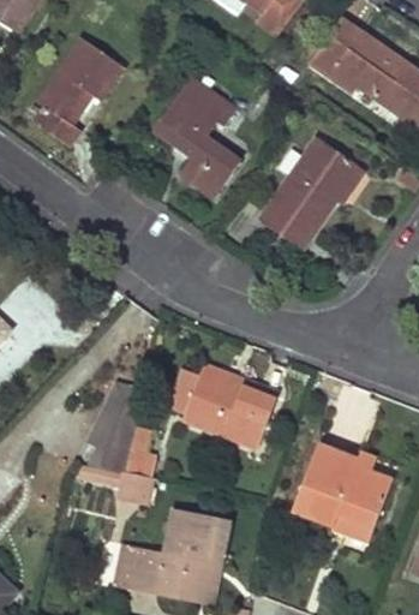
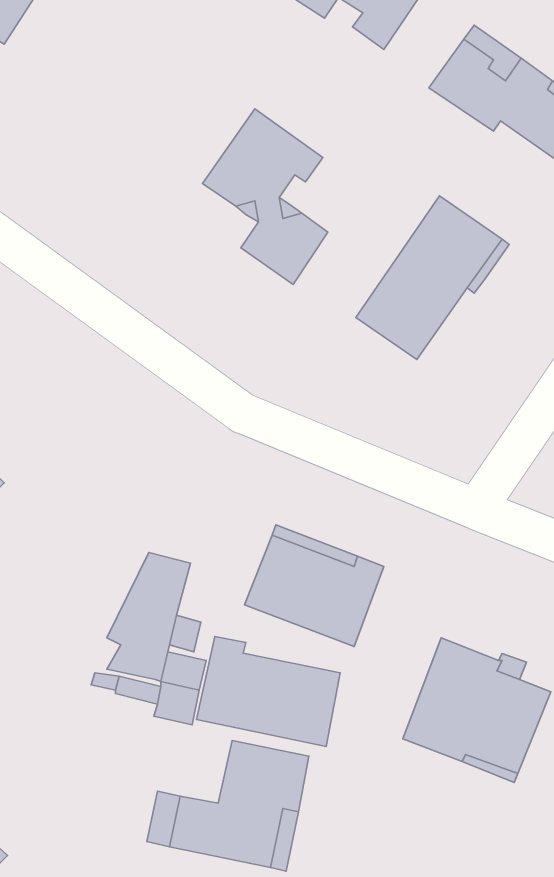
building: [35,36,124,145] -> none
building: none -> [197,636,340,746]

